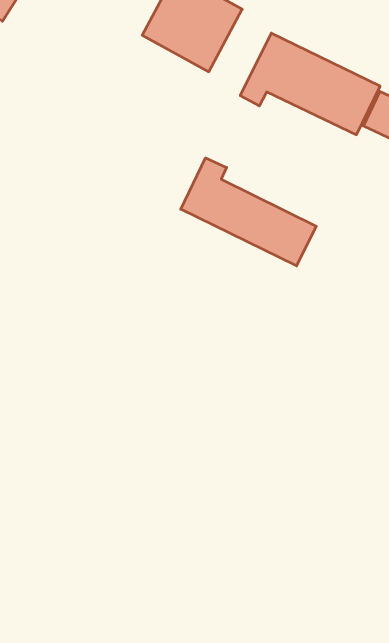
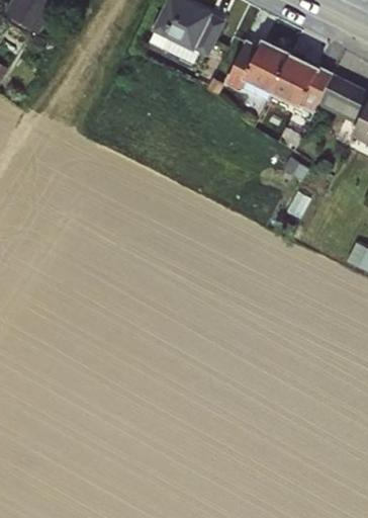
building: [181,158,316,266] -> none

